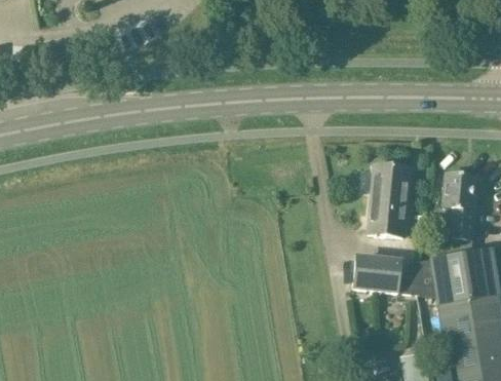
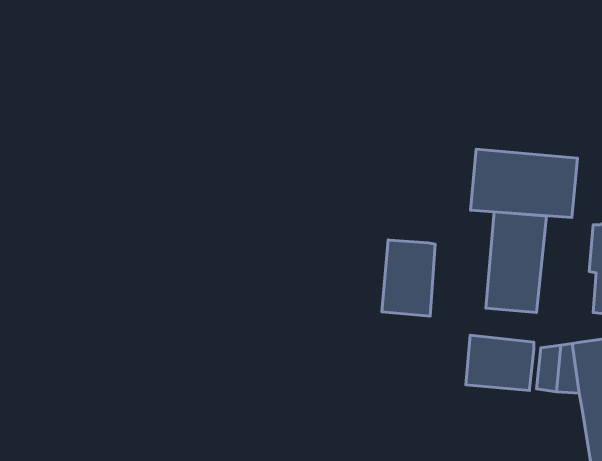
building: none -> [470,149,577,218]
building: none -> [382,240,435,316]

